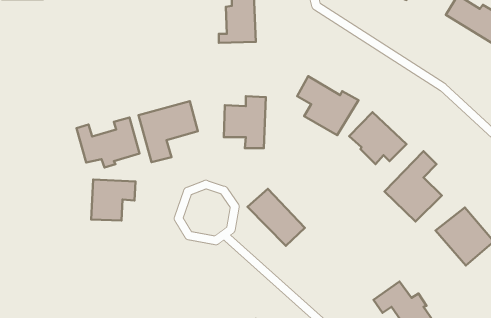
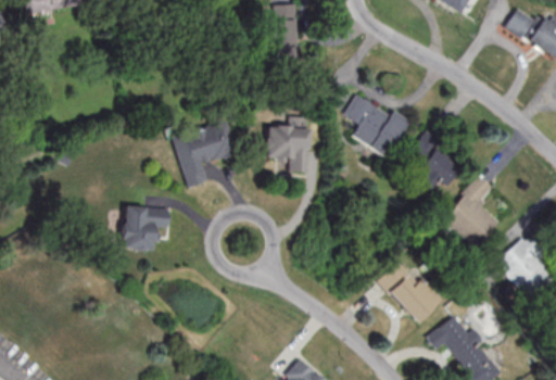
building: [77,117,139,168] -> none
building: [248,189,305,246] -> [377,261,439,322]

